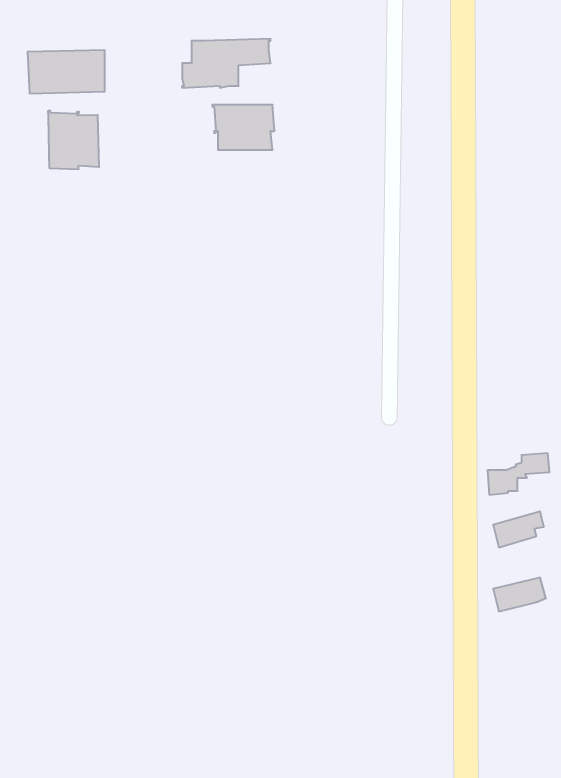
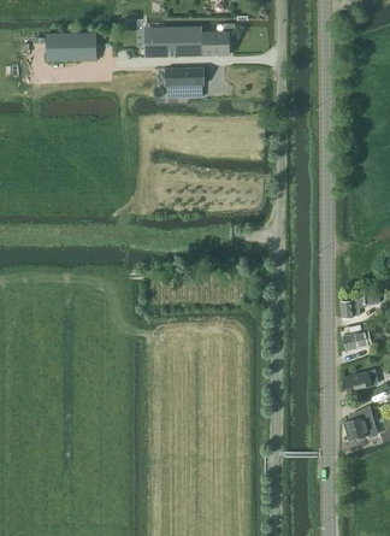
building: none -> [200,31,229,55]
building: [48,111,99,169] -> none
building: none -> [343,406,377,440]

